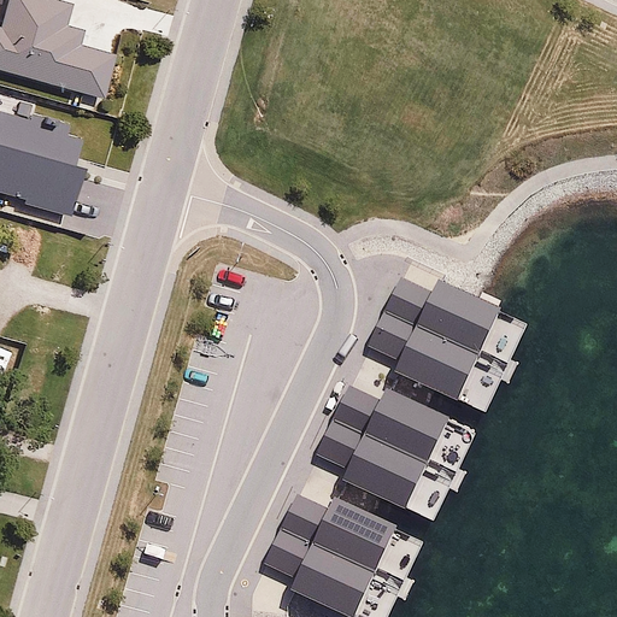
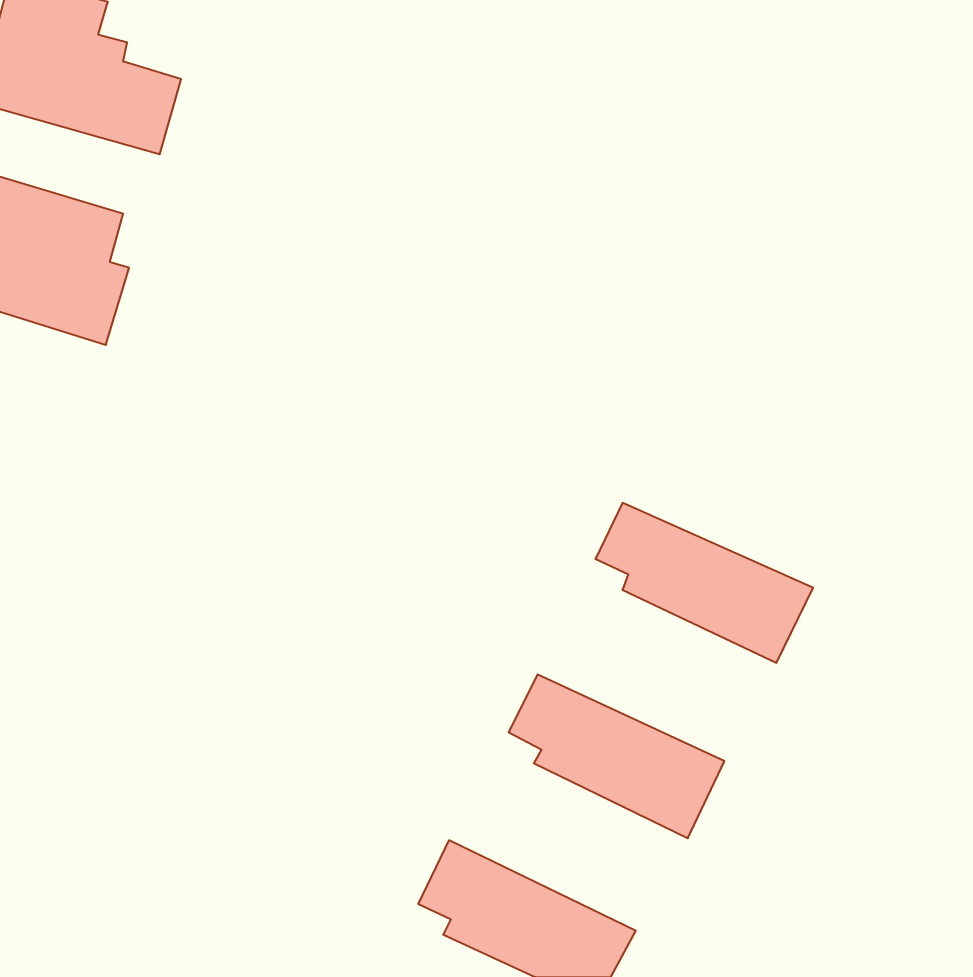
building: [389,277,530,368] -> none
building: [336,387,475,476] -> none
building: [281,493,418,582] -> none

